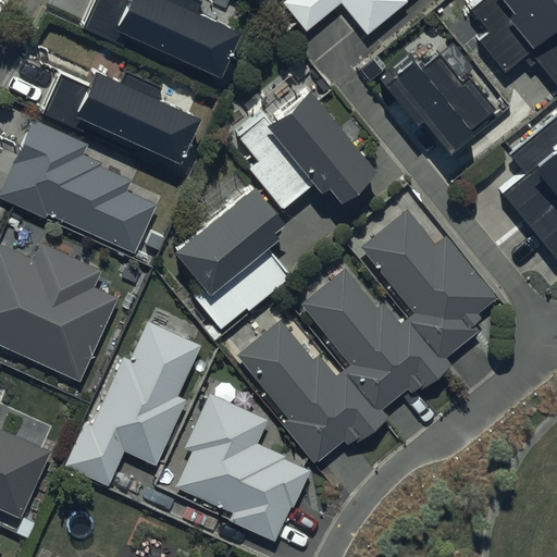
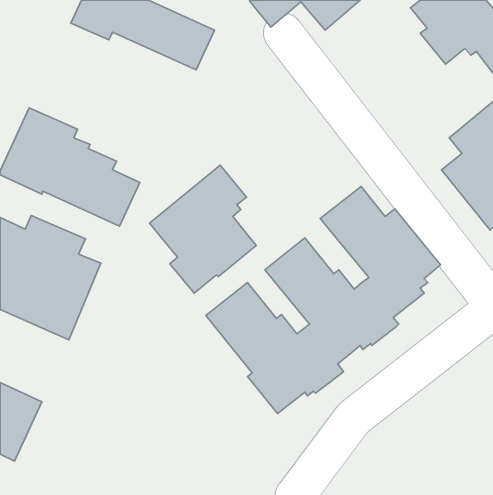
building: [377,55,494,154] -> none
building: [45,72,206,165] -> none
building: [237,89,372,209] -> none
building: [64,322,201,485] -> none
building: [175,392,310,542] -> none

